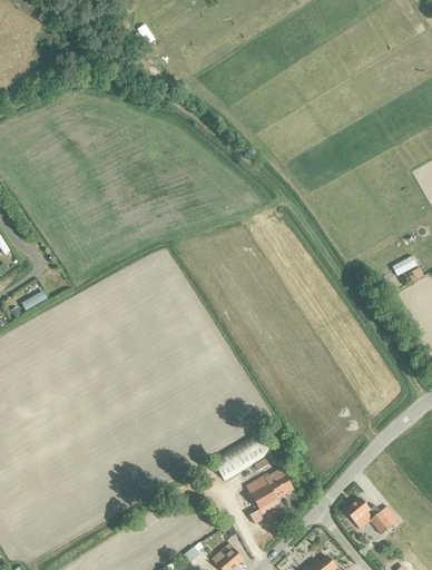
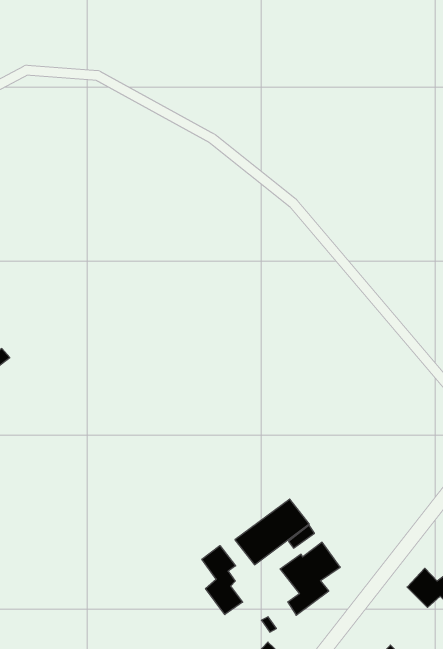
building: none -> [202,546,243,615]

